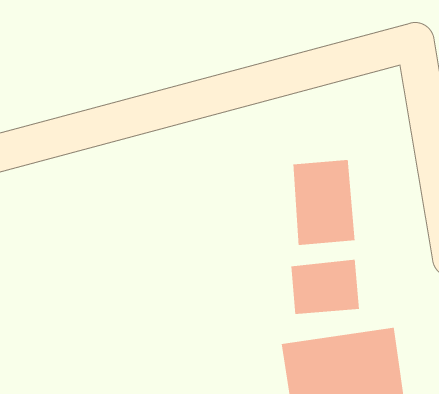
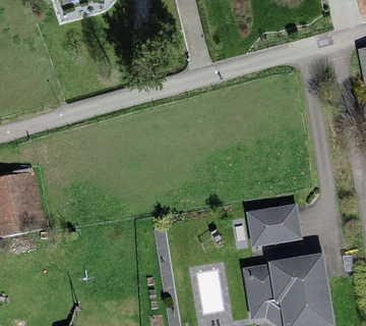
building: [293,159,355,246] -> none

